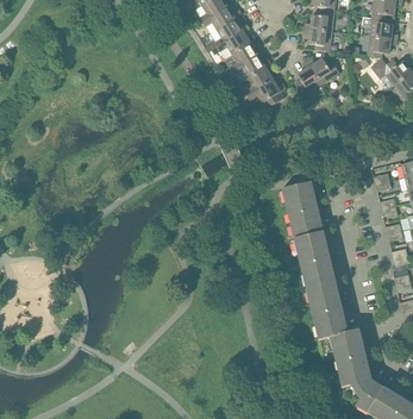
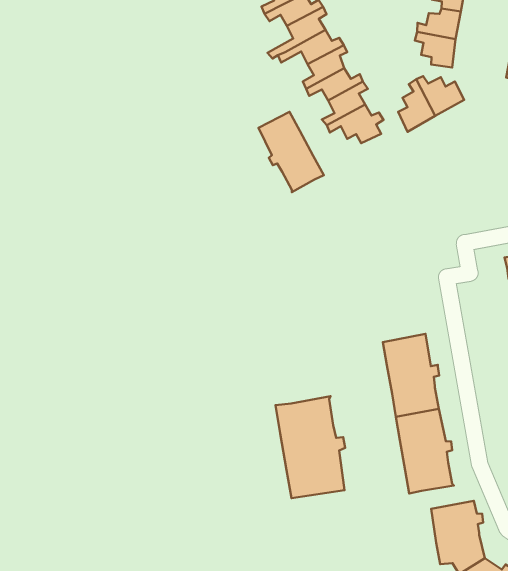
building: none -> [258,112,324,192]
building: [282,180,323,237] -> none
building: none -> [275,396,345,498]
building: [326,325,369,349] -> none

